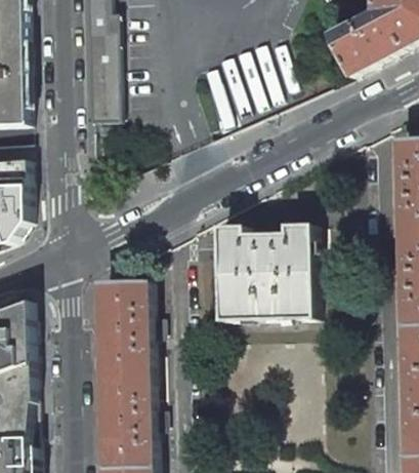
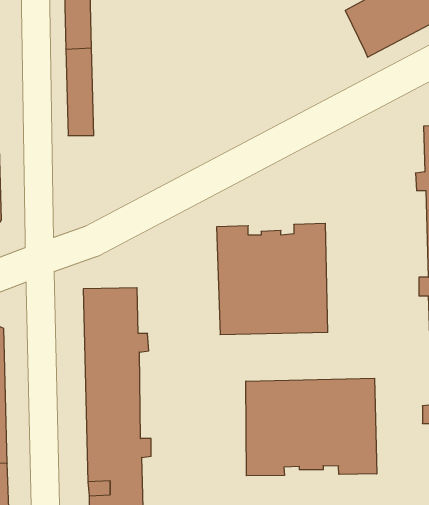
building: none -> [246,378,377,476]

